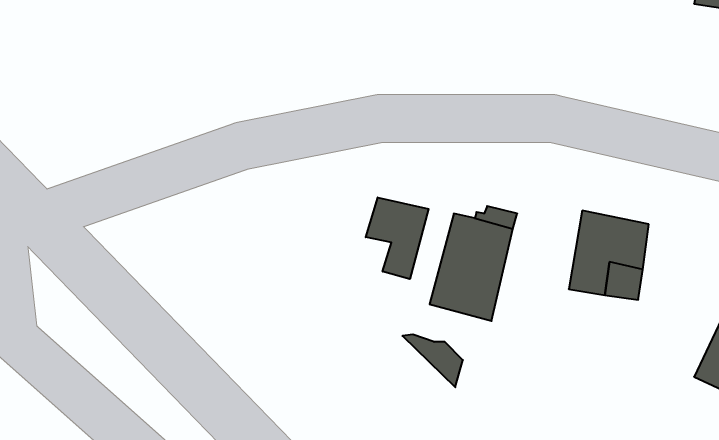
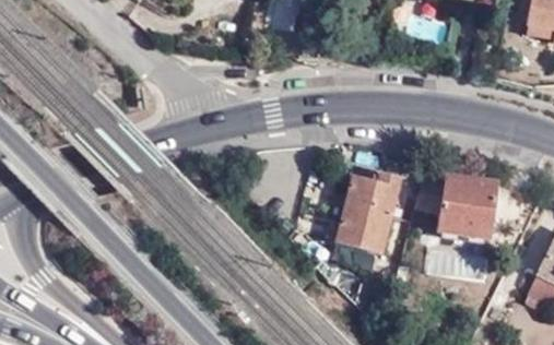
building: [366,197,429,279] -> none

